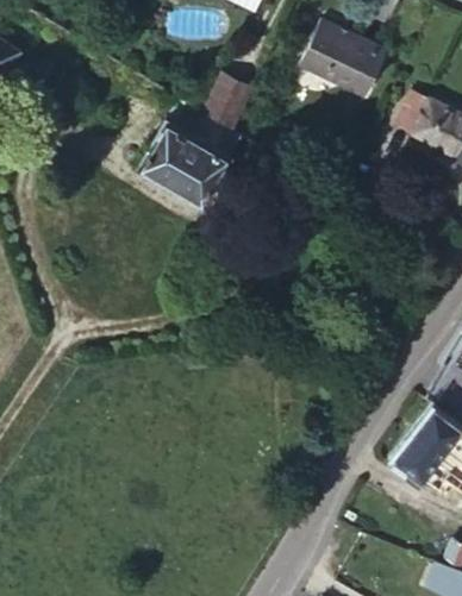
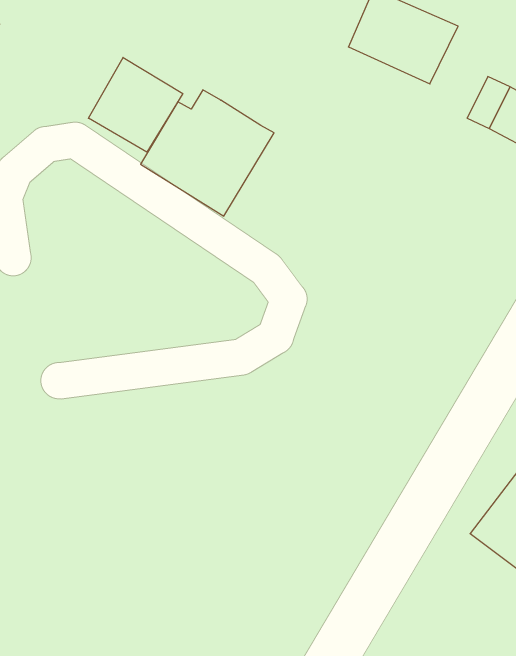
building: [195,75,248,131] -> none
building: none -> [88,57,183,152]

